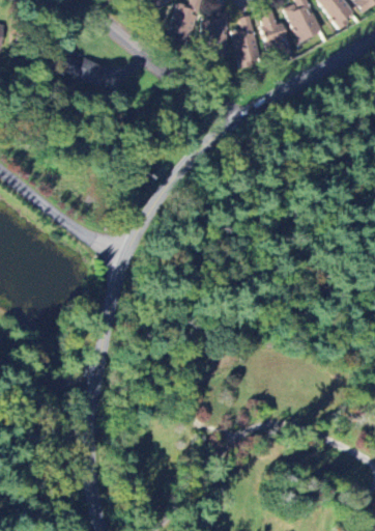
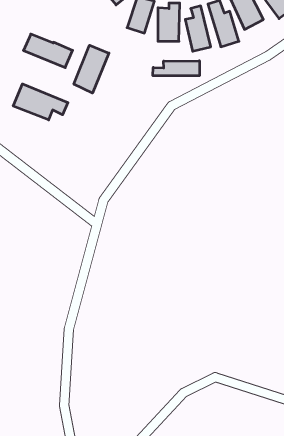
building: none -> [74,45,109,93]
building: none -> [153,61,199,76]
building: none -> [13,84,68,120]

